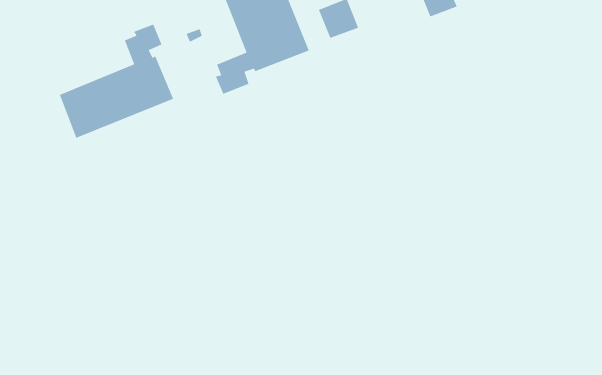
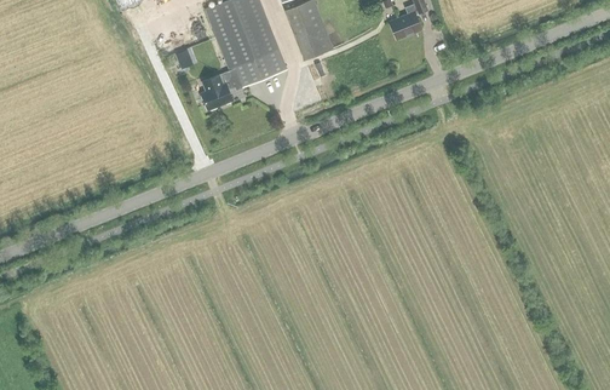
building: [59,24,174,139] -> none

